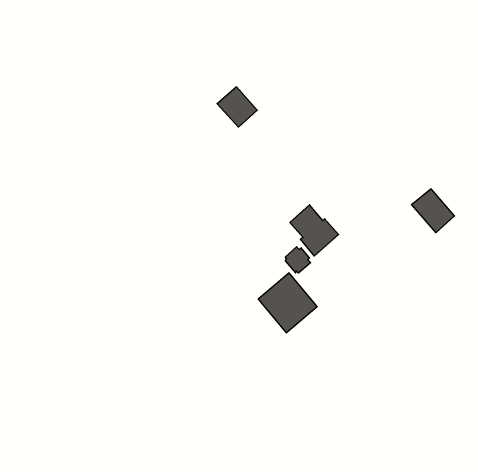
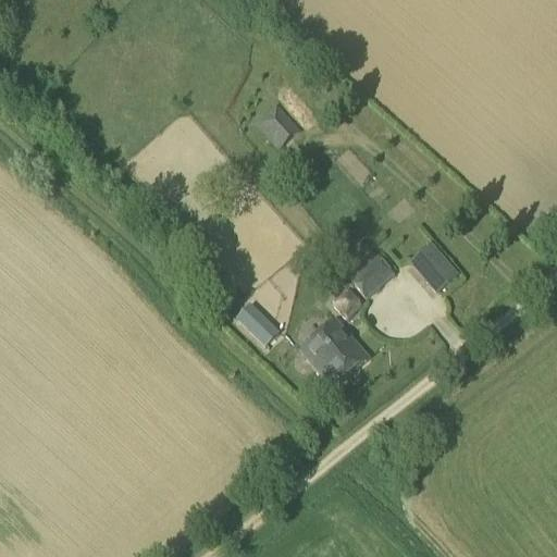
building: [412,189,455,233] -> [408,243,458,294]
building: none -> [235,301,278,345]

